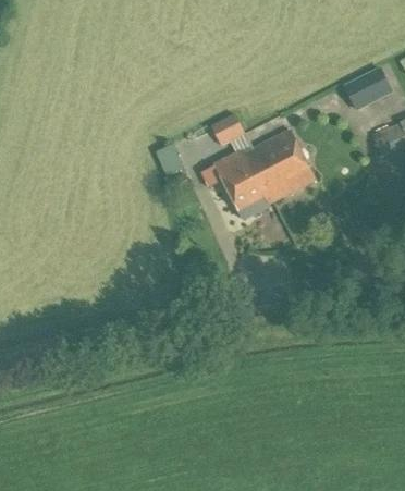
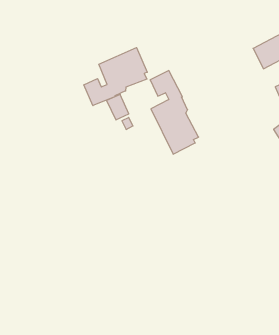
building: none -> [84,48,147,106]
building: [253,130,316,198] -> none

